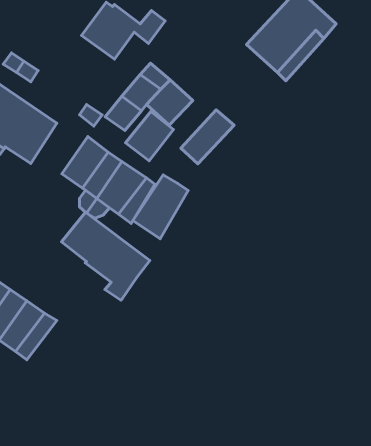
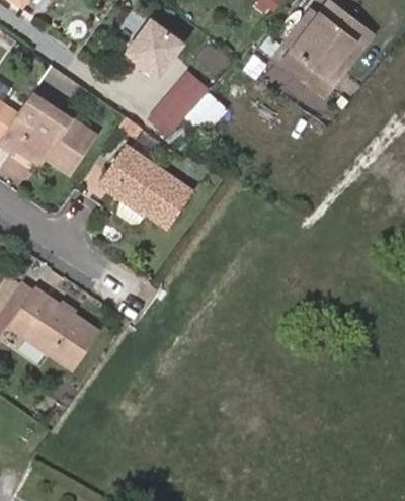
building: [181,110,234,164] -> none
building: [125,111,173,161] -> none
building: [133,175,188,239] -> none
building: [61,212,150,300] -> none

